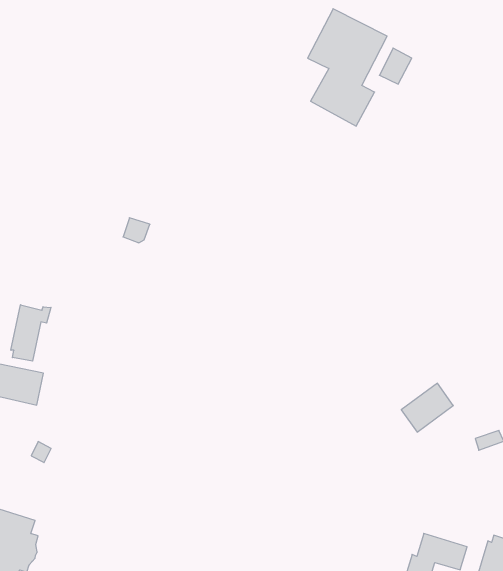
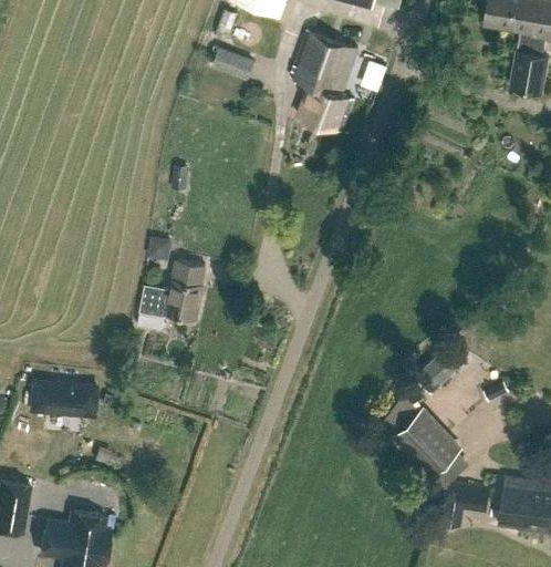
building: none -> [212,47,253,78]
building: none -> [141,260,206,319]
building: [11,305,51,361] -> none
building: none -> [394,406,464,477]

